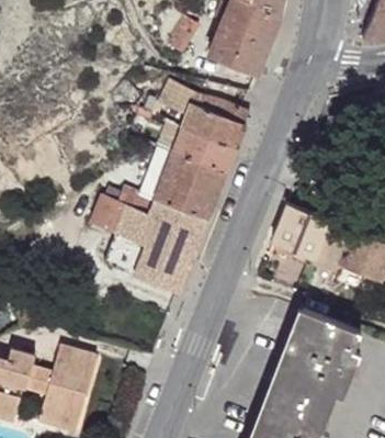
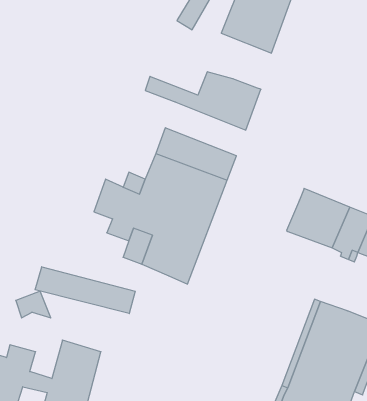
building: [158,122,234,172] -> none
building: none -> [35,267,135,314]

